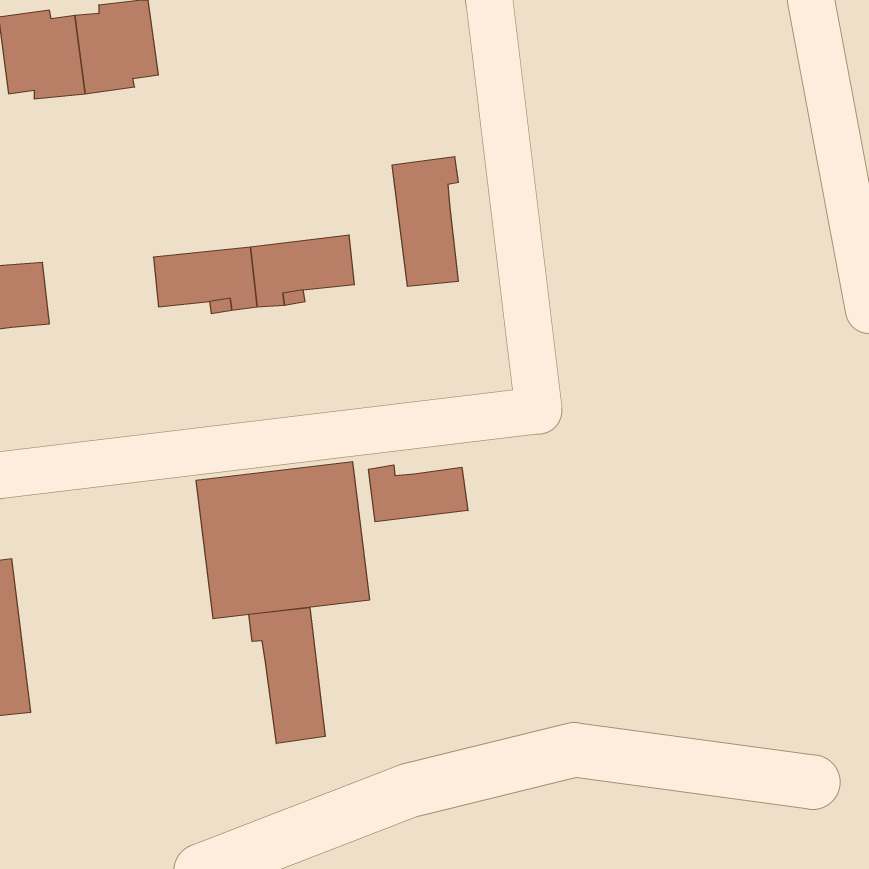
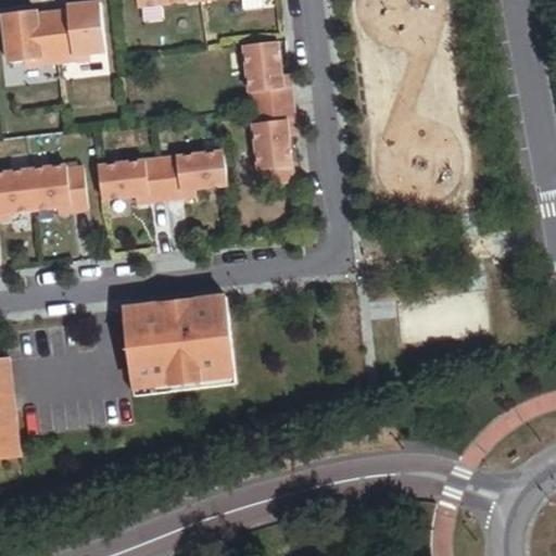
building: none -> [243,40,290,106]
building: none -> [27,164,87,207]
building: [368,465,468,522] -> none
building: [249,608,325,744] -> none

